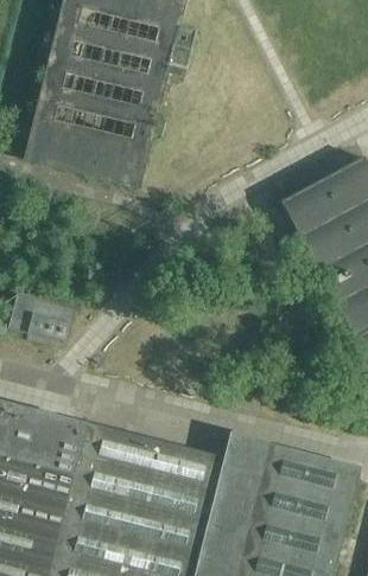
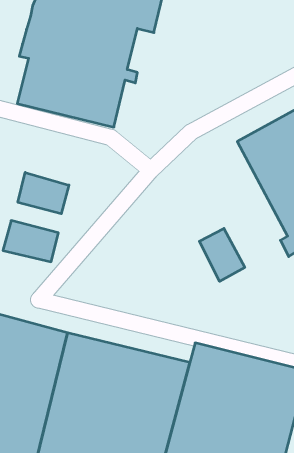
building: none -> [18,172,69,214]
building: none -> [199,228,245,281]

